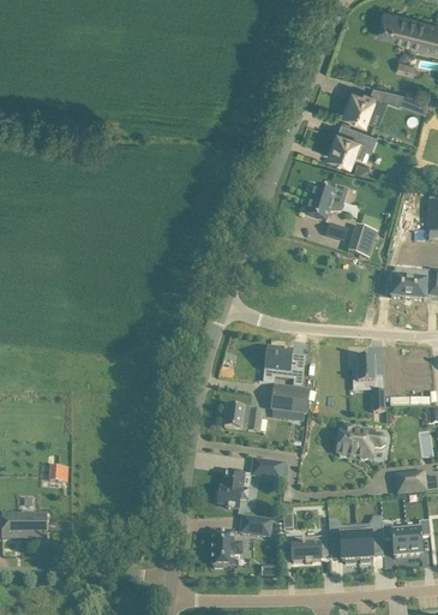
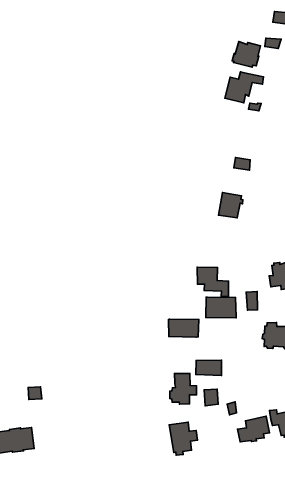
building: [307,185,336,220] -> none
building: [348,225,379,257] -> [219,192,243,218]
building: [240,515,272,537] -> none

